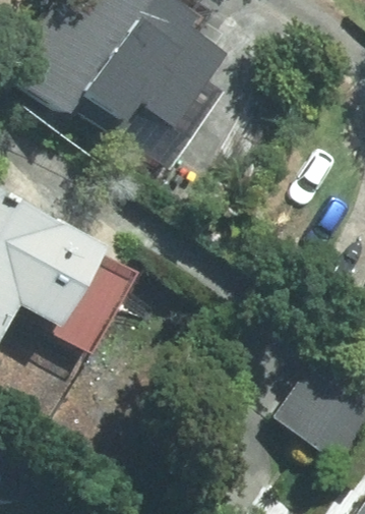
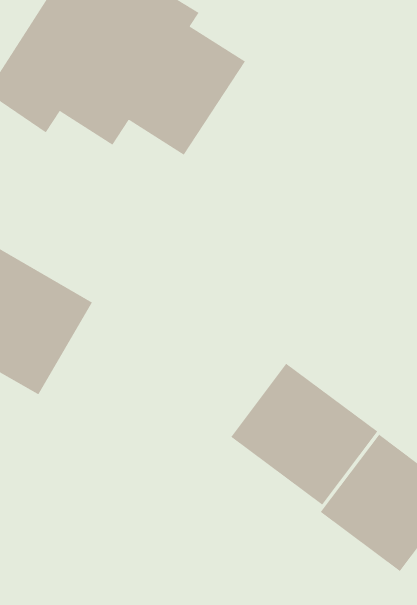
building: none -> [230,363,378,505]

